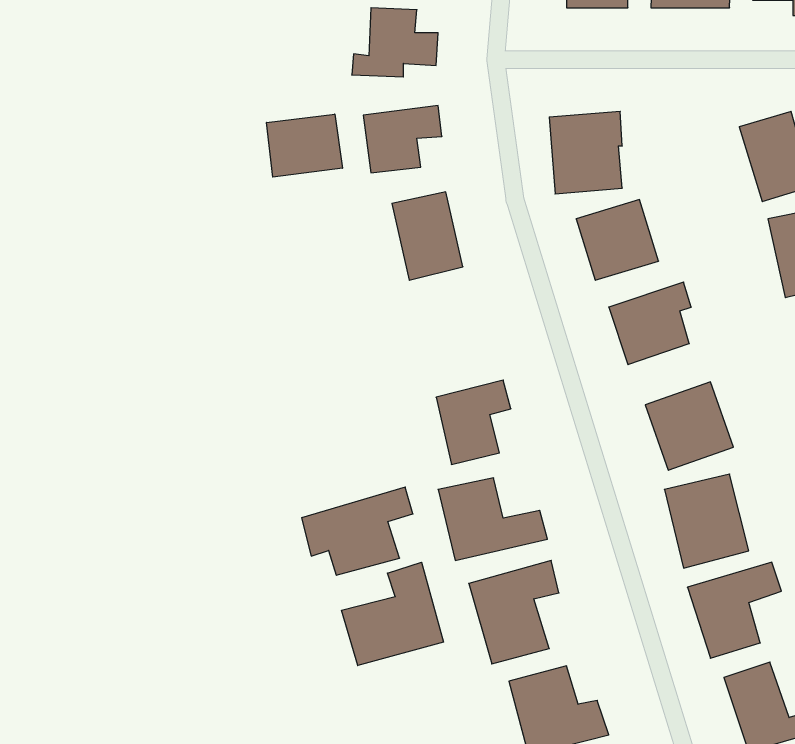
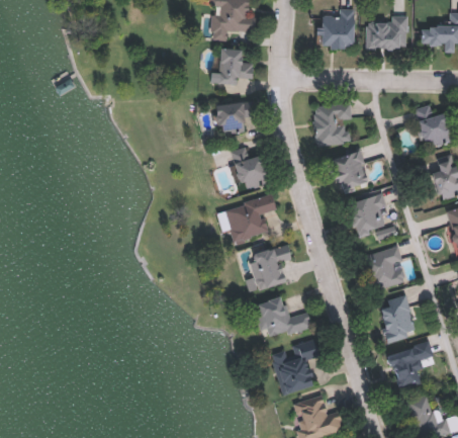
building: [267,114,342,177] -> none
building: [302,487,413,575] -> [217,196,276,243]
building: [342,562,444,666] -> none

